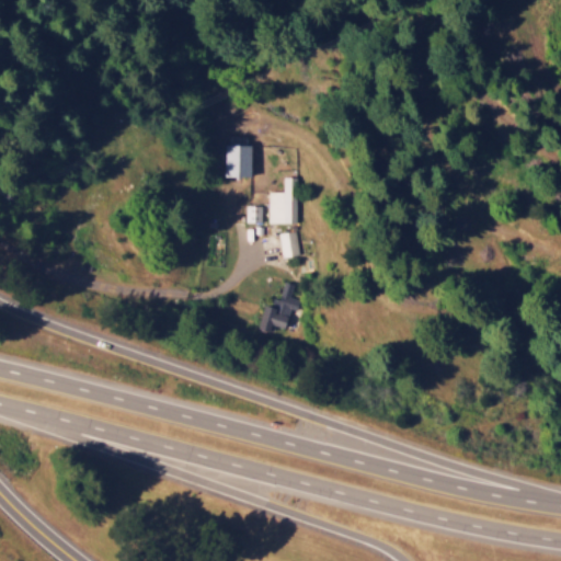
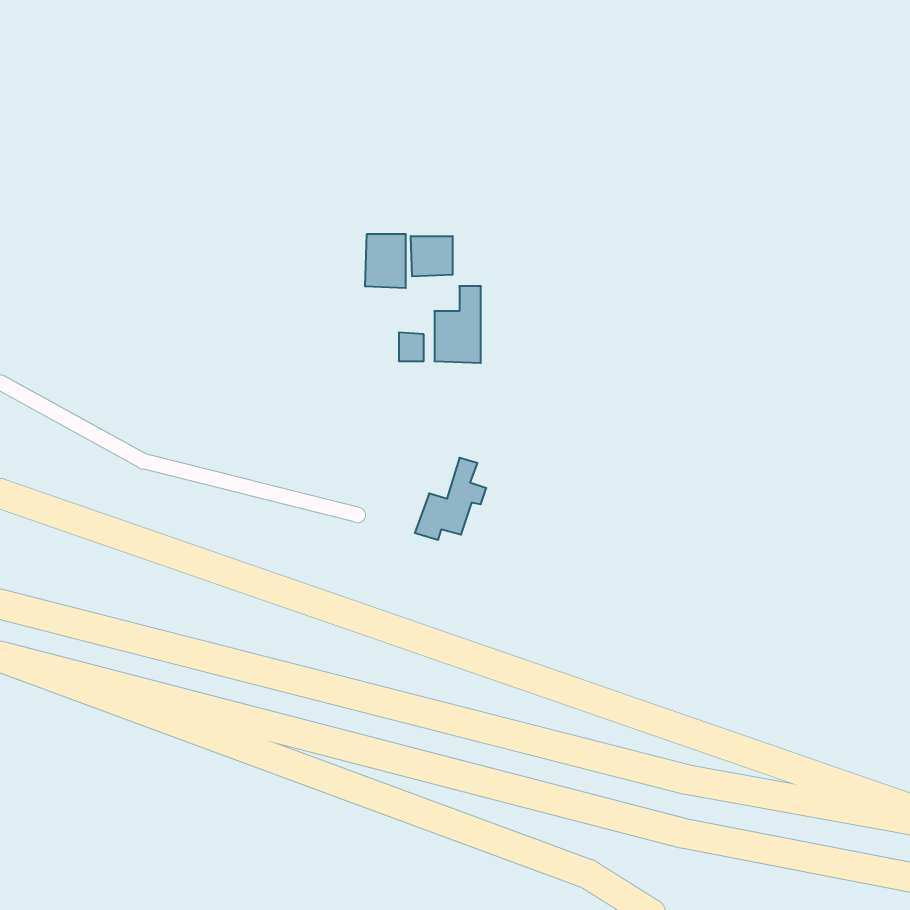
building: none -> [411,236,453,276]
building: [278,231,300,259] -> none

